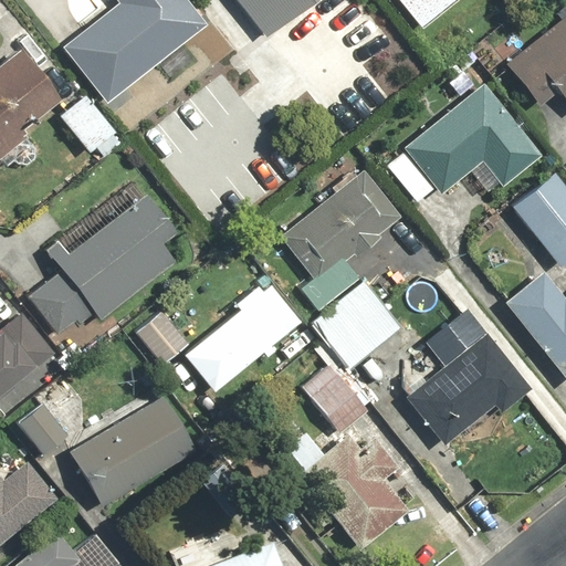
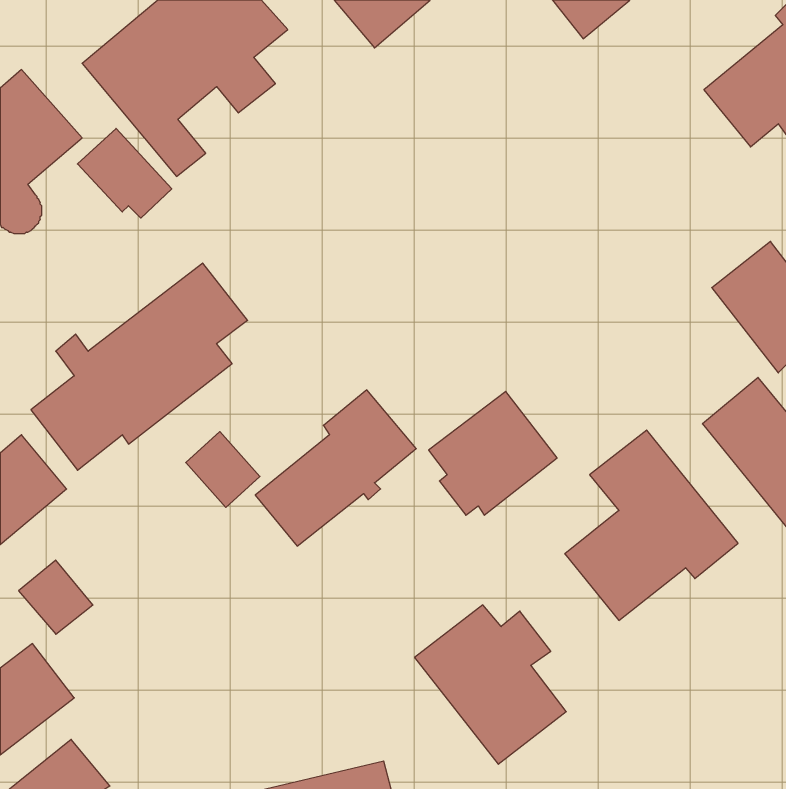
building: [387,80,543,201] -> none
building: [281,169,402,312] -> none
building: [302,365,371,431] -> none
building: [67,394,193,504] -> none

